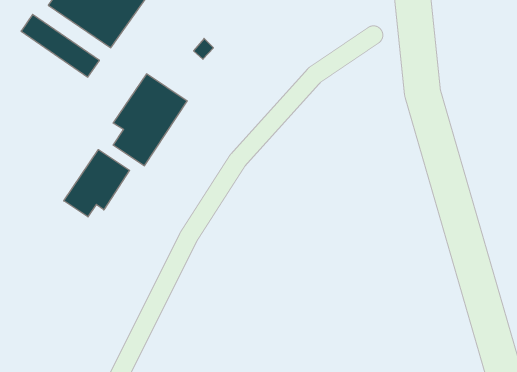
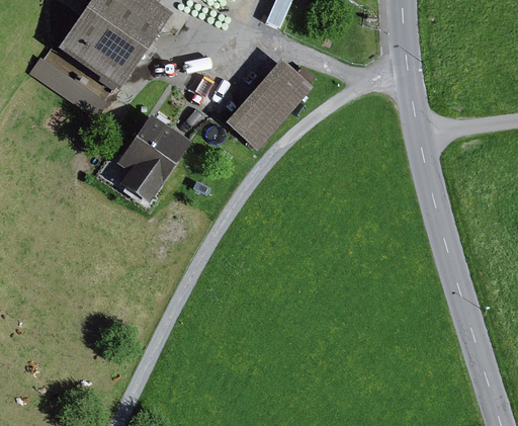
building: none -> [228,58,312,147]
building: [64,150,130,217] -> none

